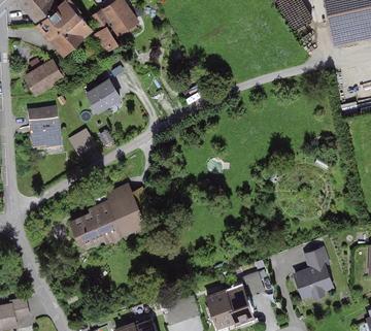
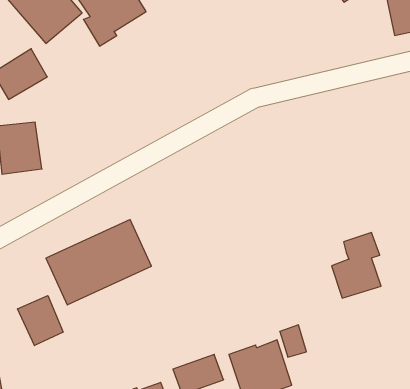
building: [82,77,121,113] -> none
building: [70,127,99,155] -> none
building: none -> [18,296,63,346]
building: [295,247,333,298] -> [332,233,381,298]

